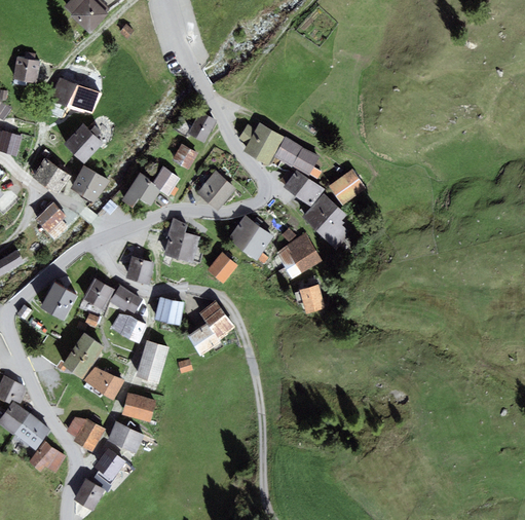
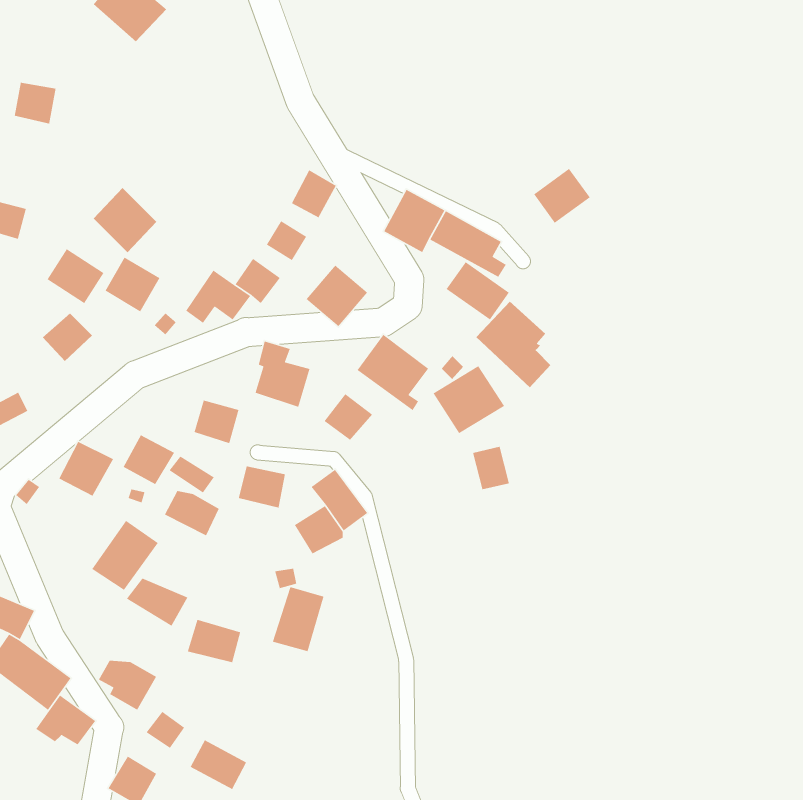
building: [57,81,98,113] -> none
building: [329,171,365,206] -> [533,168,591,224]
building: [136,340,168,381] -> [272,586,325,652]
building: [107,421,143,453] -> [190,739,247,790]

